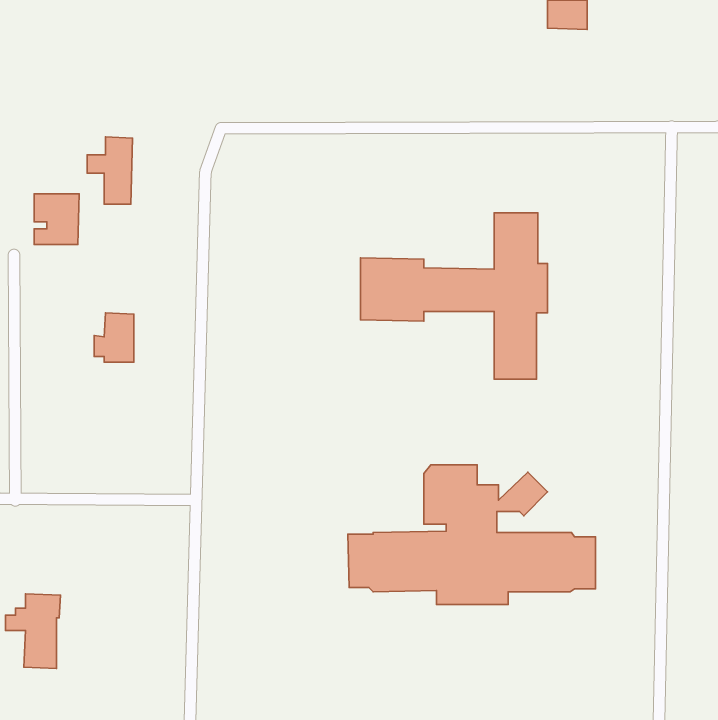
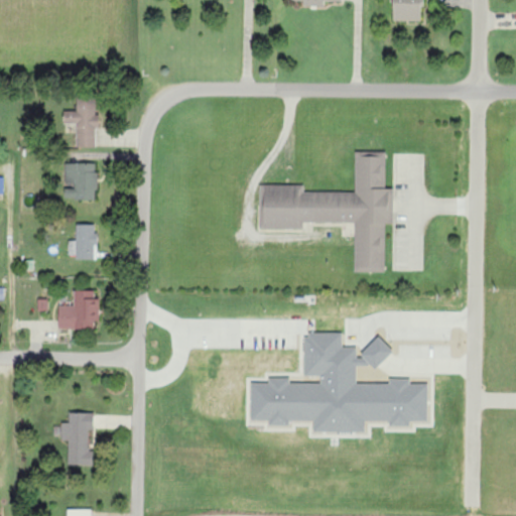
building: [34,194,79,244] -> [63,163,96,200]
building: none -> [57,290,97,330]
building: [6,594,61,669] -> [53,412,93,466]

